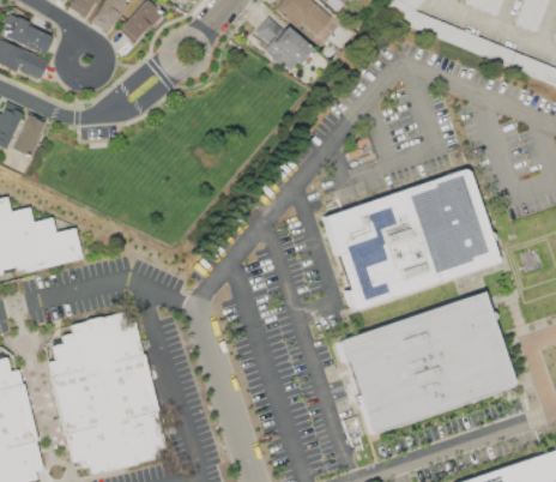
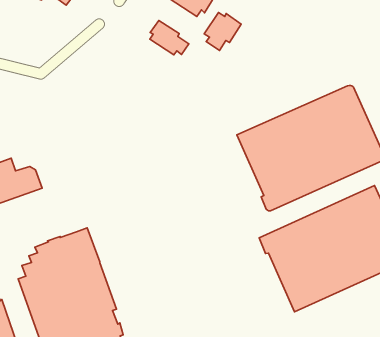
building: none -> [204,12,241,51]
building: none -> [150,20,189,55]

